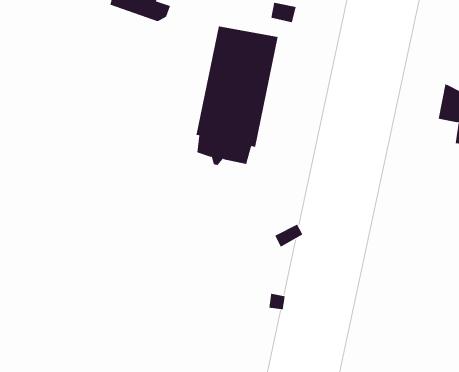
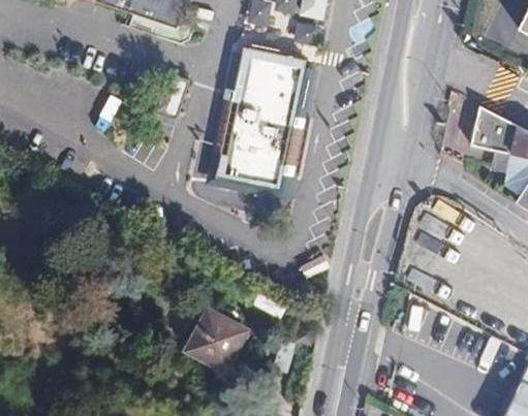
building: none -> [187,309,245,367]

